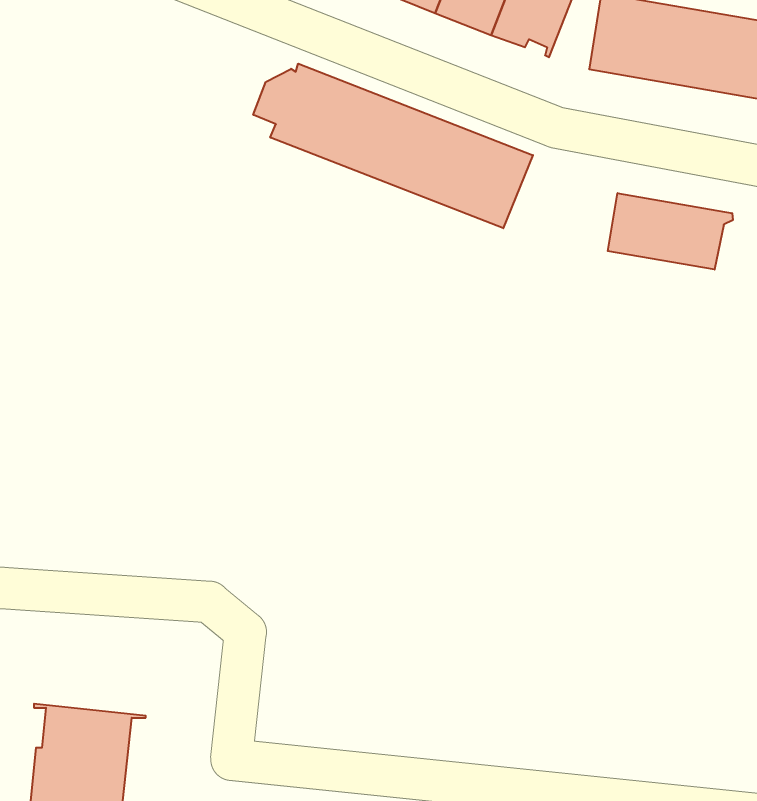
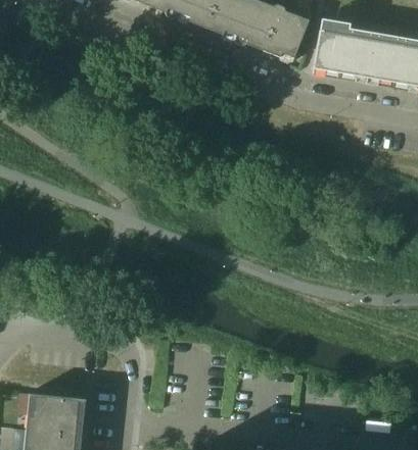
building: [253,64,533,228] -> none
building: [608,193,733,270] -> none

